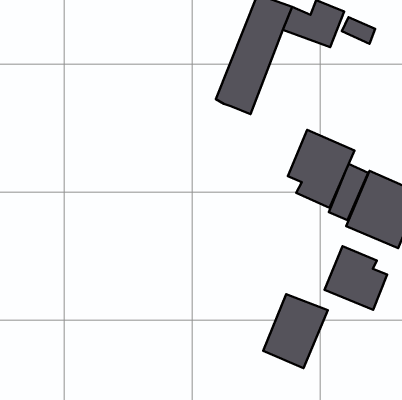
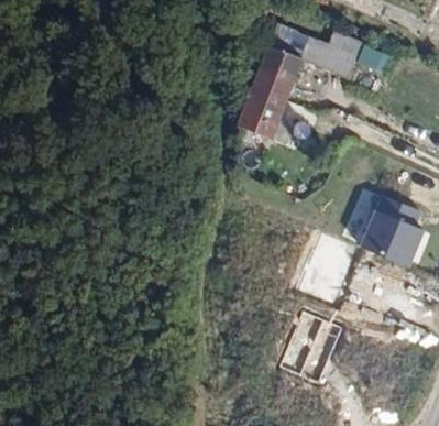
building: [288,130,354,208] -> none
building: [324,246,387,310] -> none

